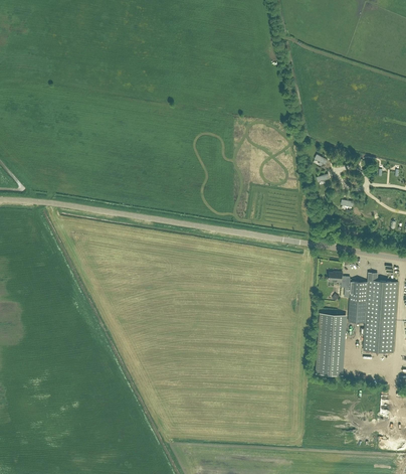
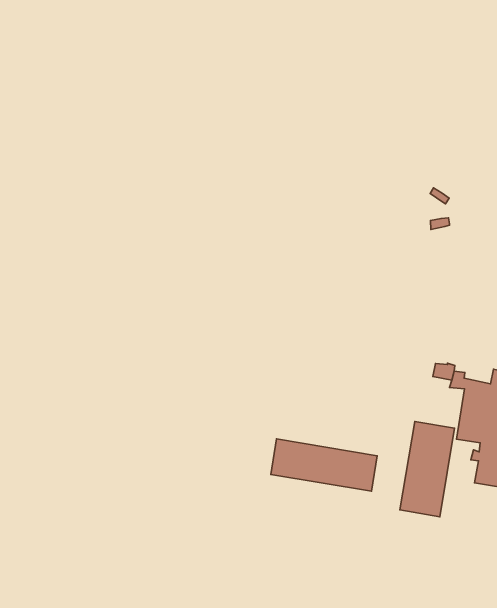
building: none -> [271,439,377,491]

